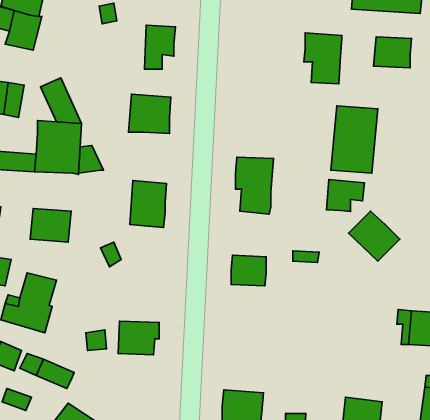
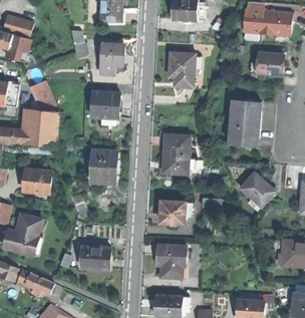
building: [304,33,342,84] -> [169,50,195,85]
building: [326,179,365,212] -> none
building: none -> [157,243,186,276]

